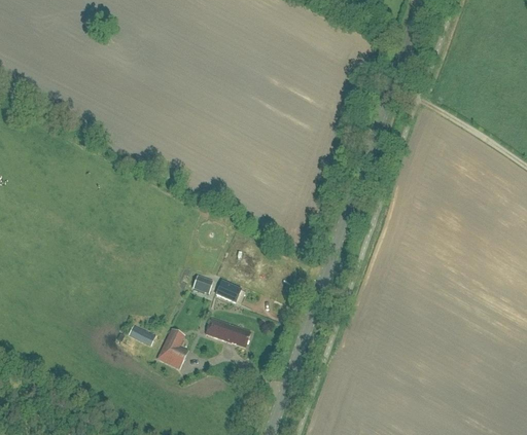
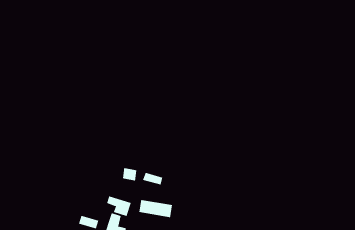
building: none -> [106,196,131,217]

